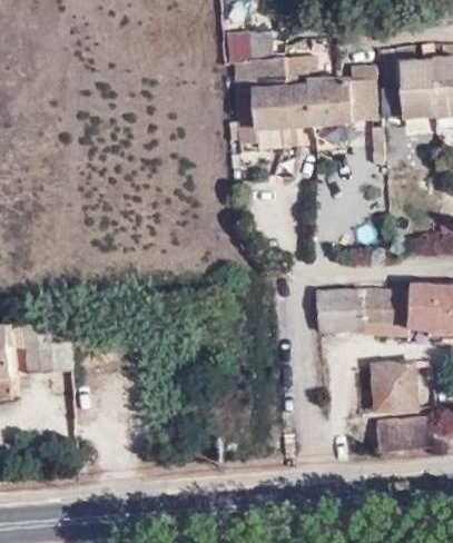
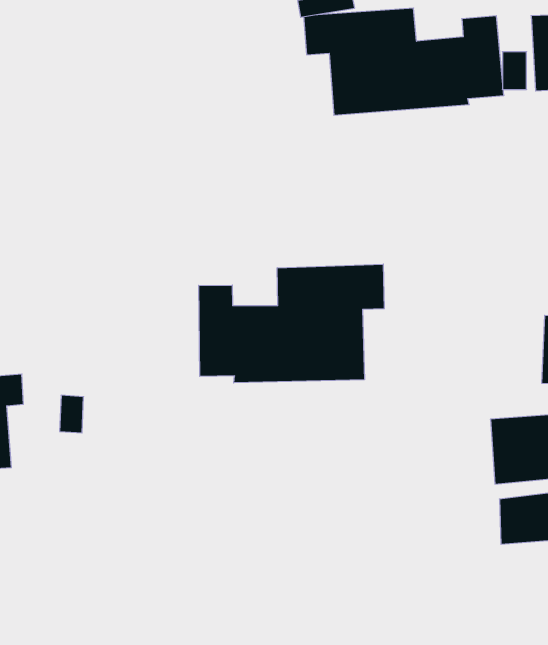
building: none -> [199,264,384,383]
building: [314,287,407,334] -> none

